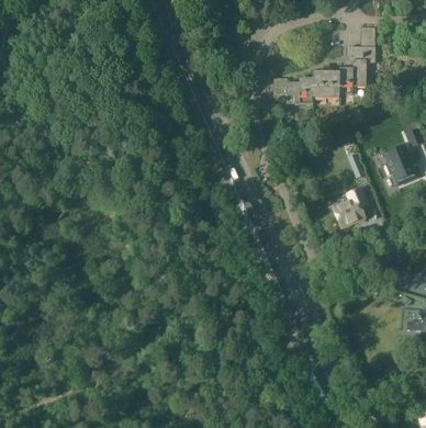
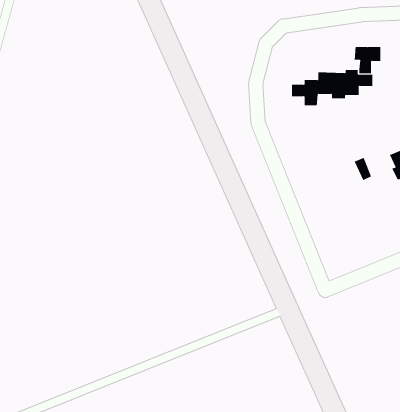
building: [335,188,369,227] -> none

